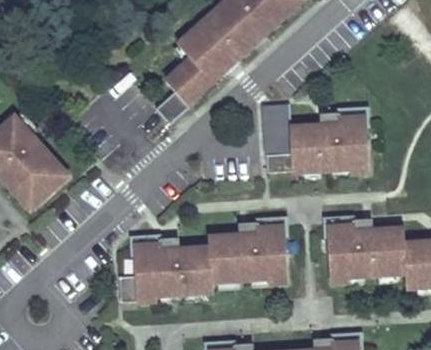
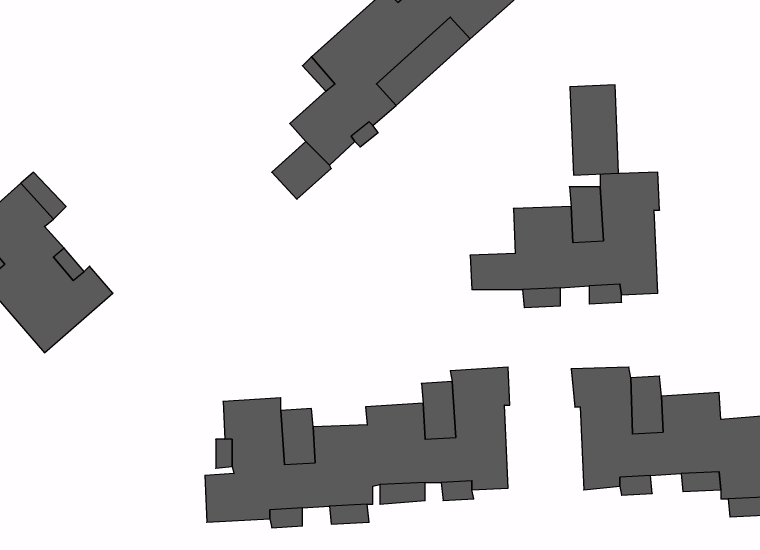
building: [264,102,291,152] -> [570,85,619,175]

